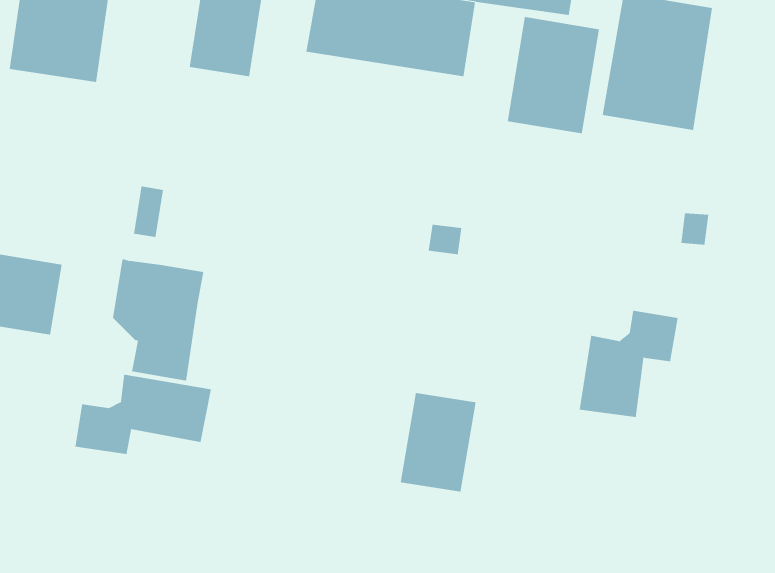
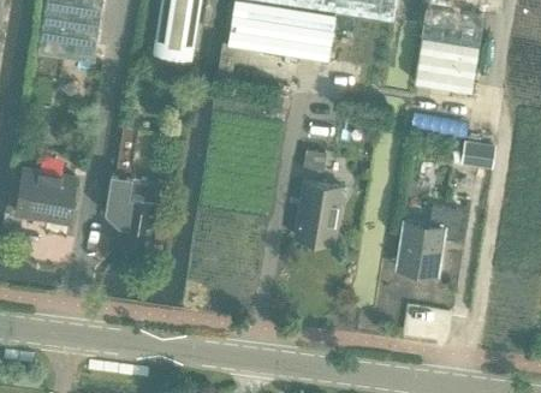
building: [507,16,600,134] -> none
building: [75,374,212,455] -> none
building: [400,393,477,492] -> [295,181,343,244]

